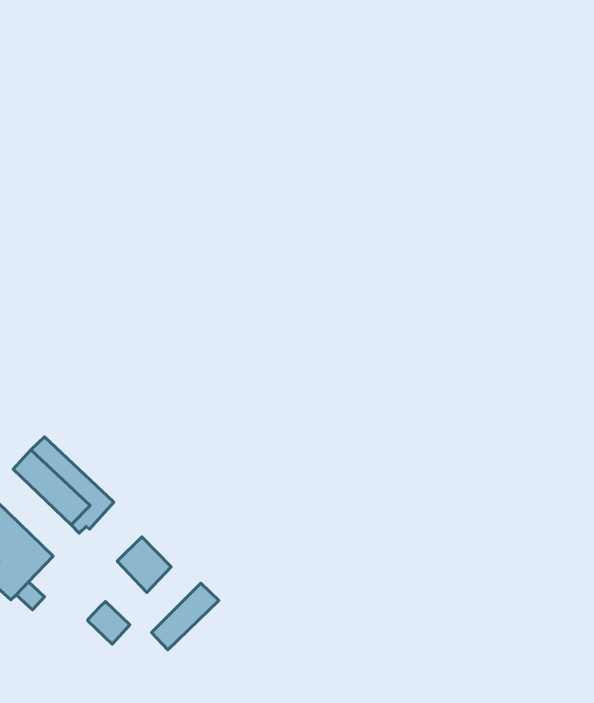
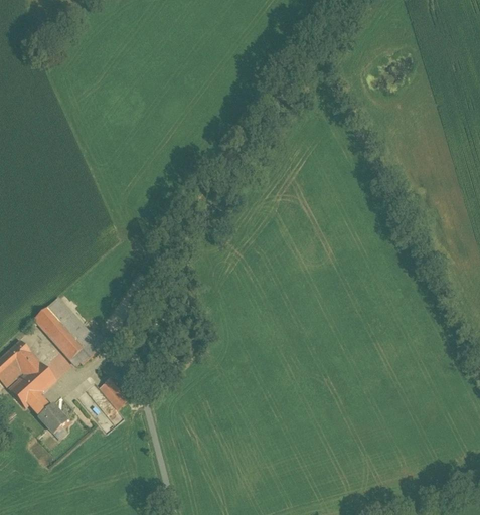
building: [151,583,219,650] -> none
building: [88,602,130,644] -> [38,404,66,434]

